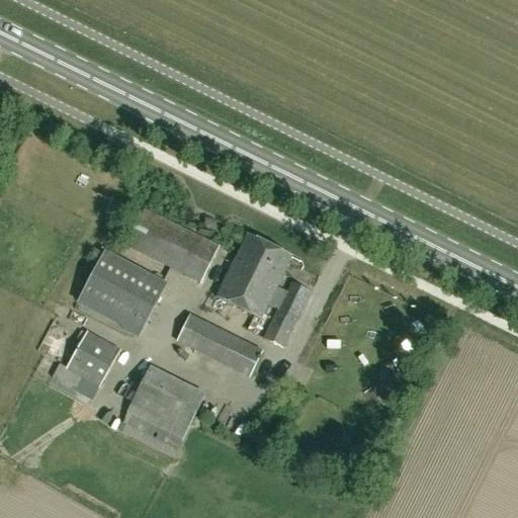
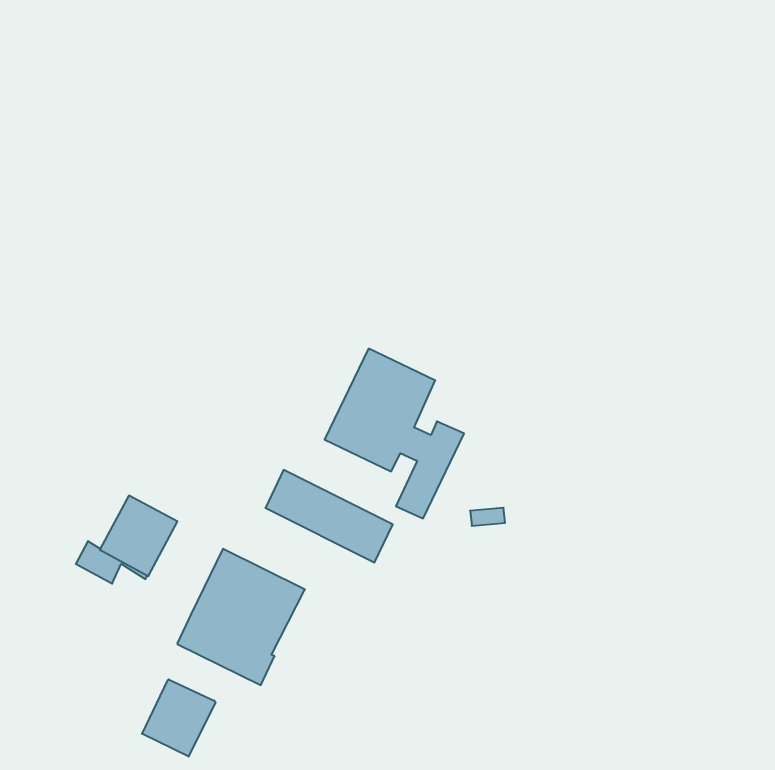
building: [125,208,218,281] -> none
building: [77,250,167,335] -> none
building: none -> [142,679,215,757]

